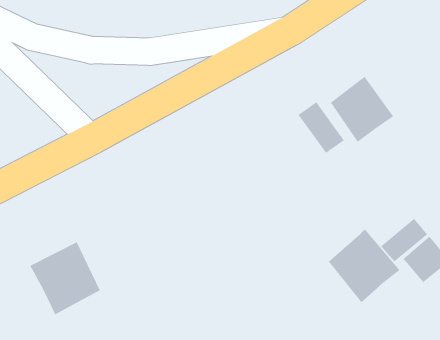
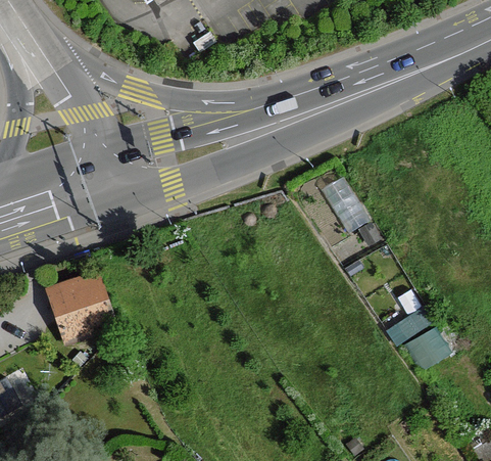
building: [330,76,394,143] -> none
building: [328,228,401,303] -> none

